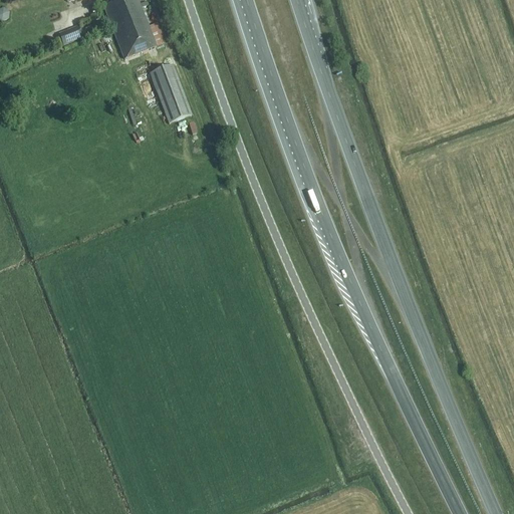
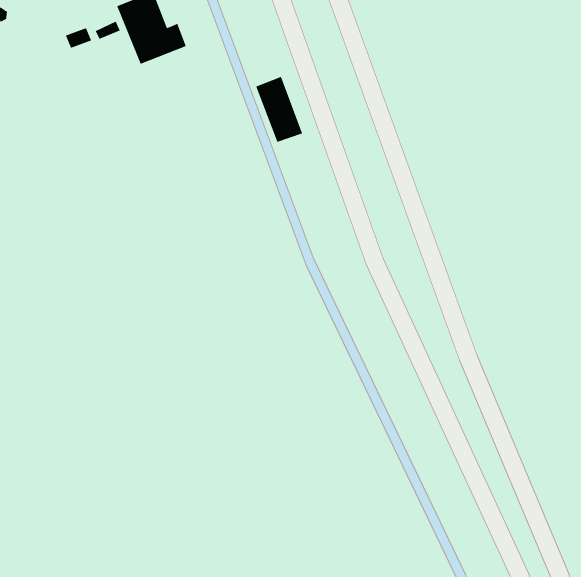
building: [149,62,191,121] -> [255,76,303,143]

